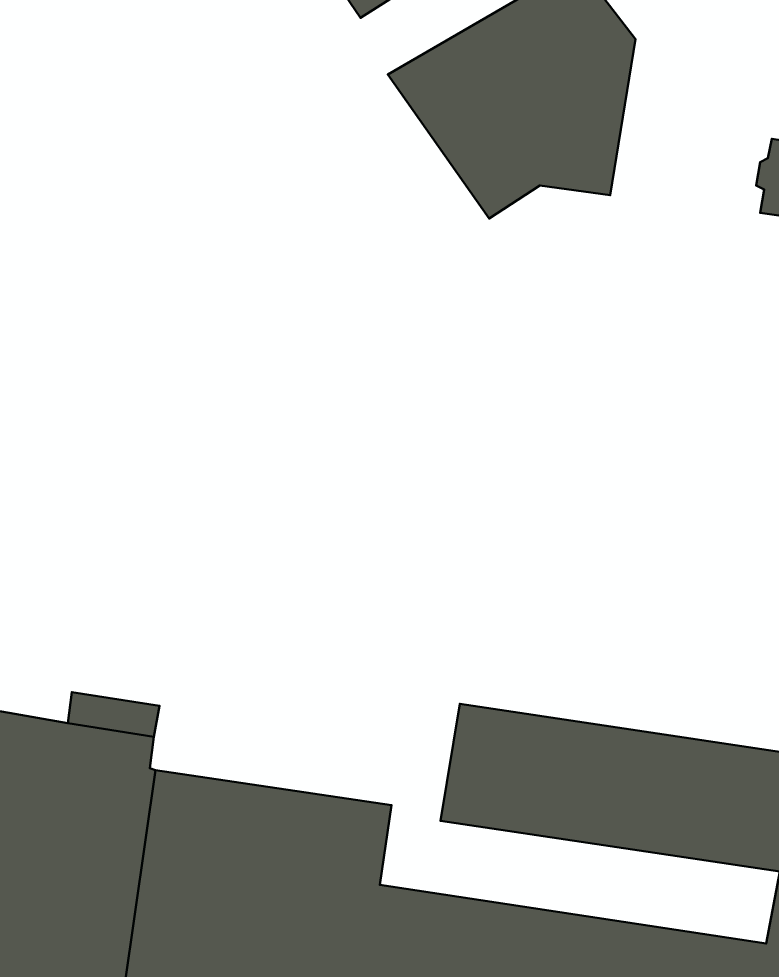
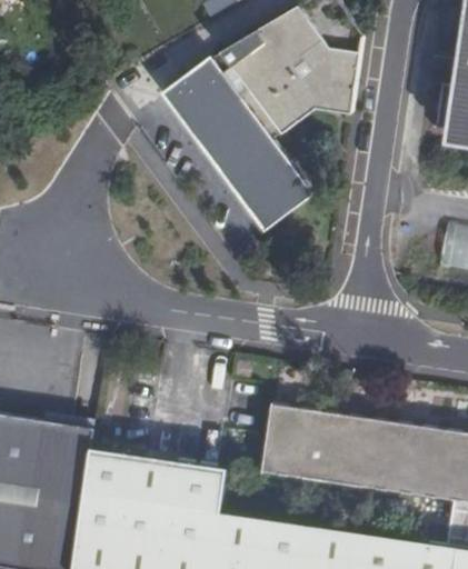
building: none -> [167,57,312,226]

